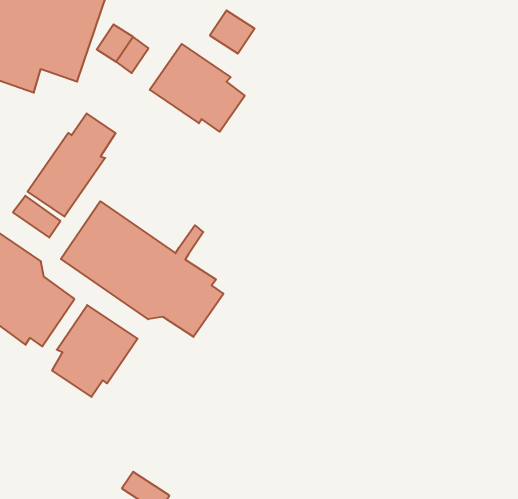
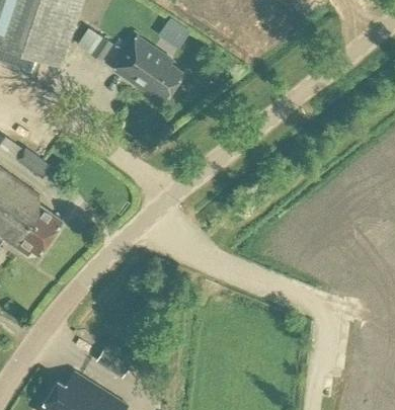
building: [28,113,116,217] -> none
building: [61,201,223,337] -> none
building: [52,305,138,397] -> none

